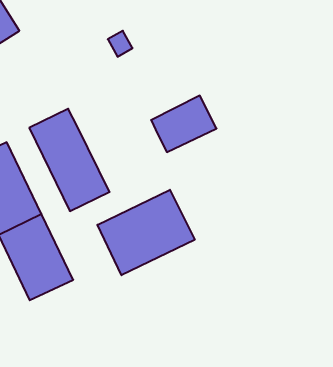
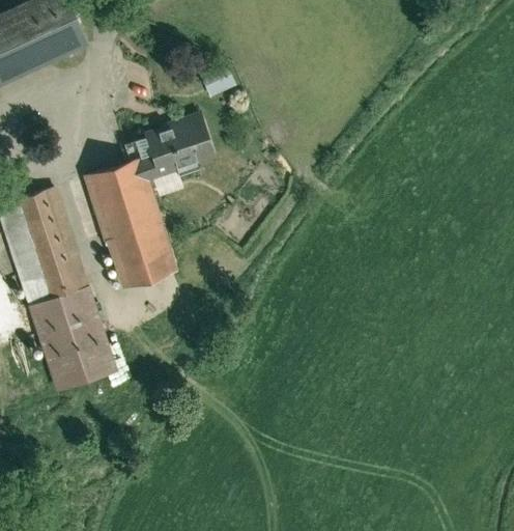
building: [151,96,217,152] -> [133,113,215,179]
building: [97,190,195,275] -> none

